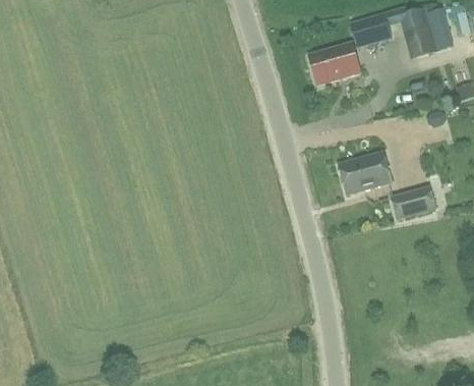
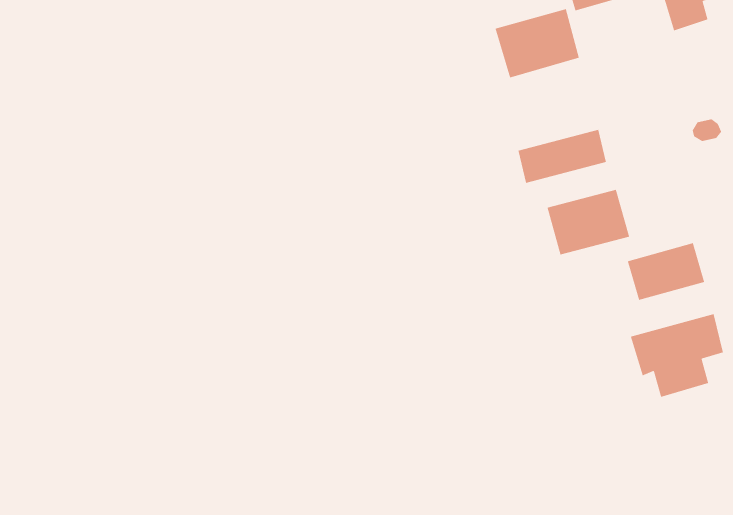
building: none -> [518,129,607,184]
building: none -> [630,313,724,398]

